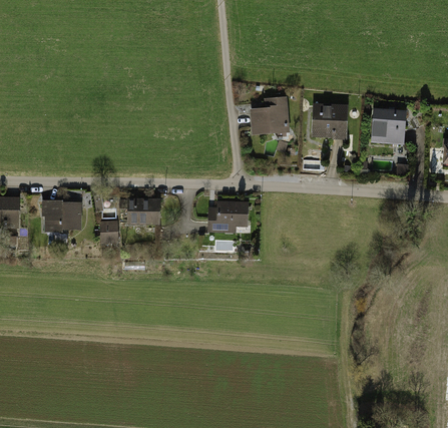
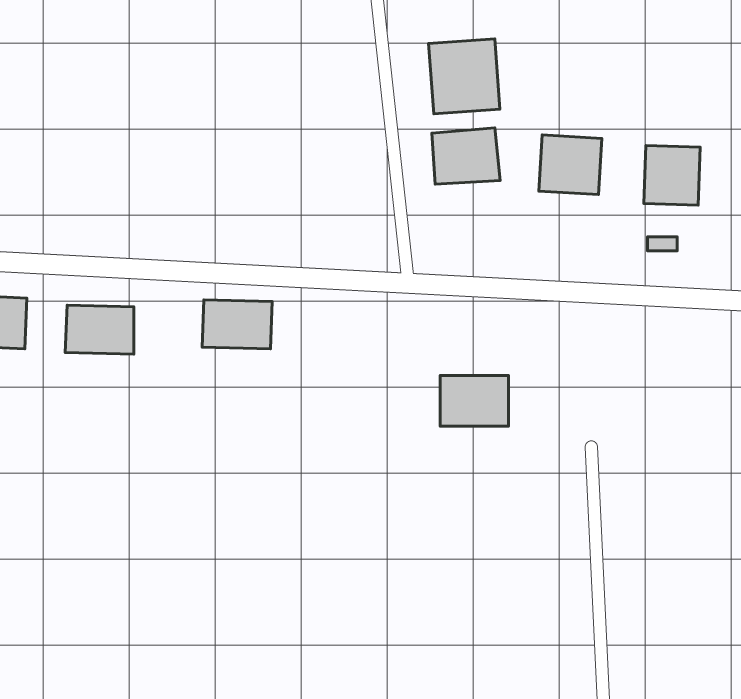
building: none -> [429,39,500,114]
building: [209,202,249,232] -> [440,375,509,426]
building: [99,222,118,244] -> none

